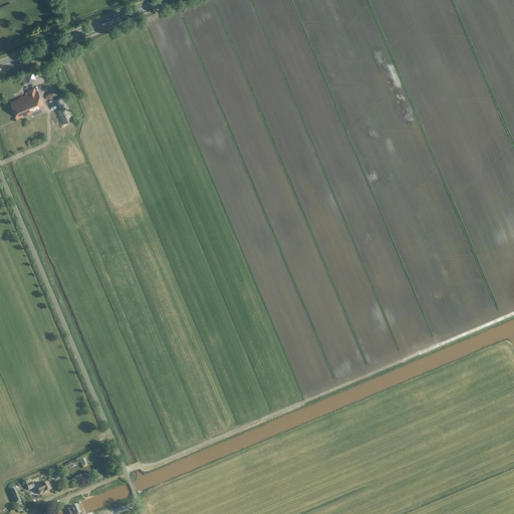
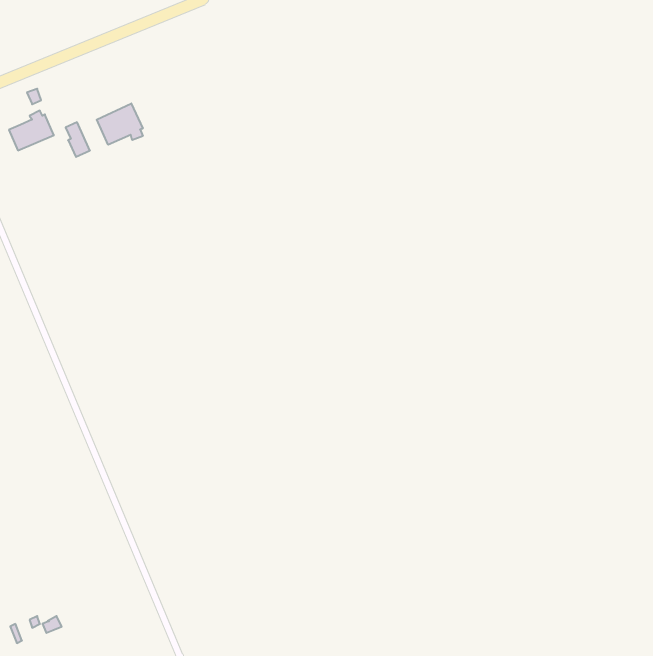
building: none -> [97,103,143,145]

